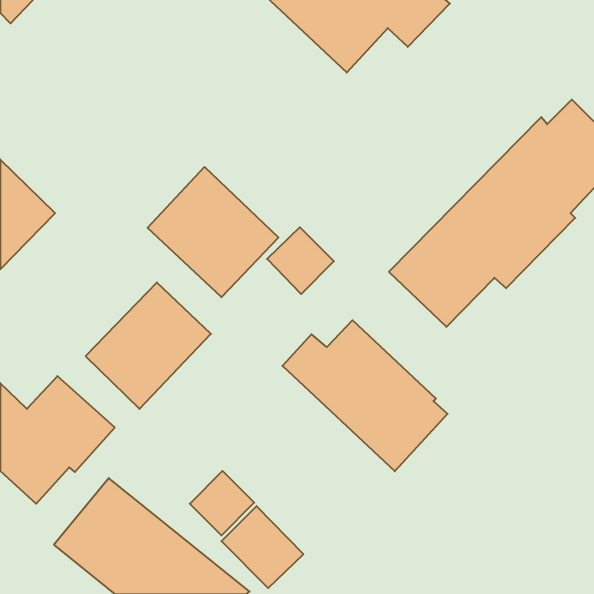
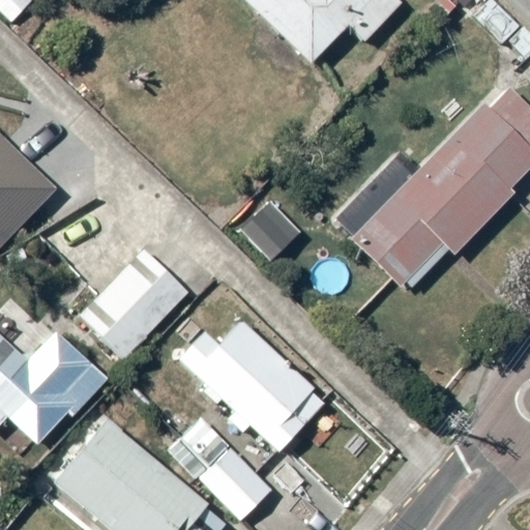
building: [148,167,278,297] -> none
building: [282,320,448,471] -> [178,320,324,453]

